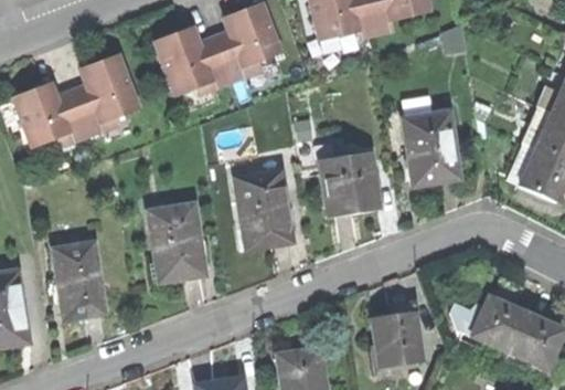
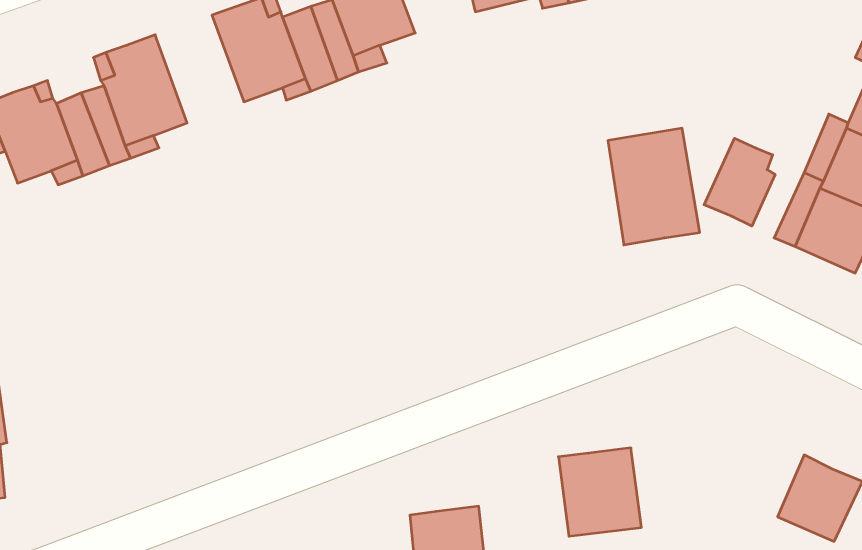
building: none -> [704,138,775,226]
building: [321,152,380,214] -> none
building: [236,170,291,247] -> none
building: [149,203,205,281] -> none
building: [53,241,105,317] -> none
building: [469,297,524,354] -> none

